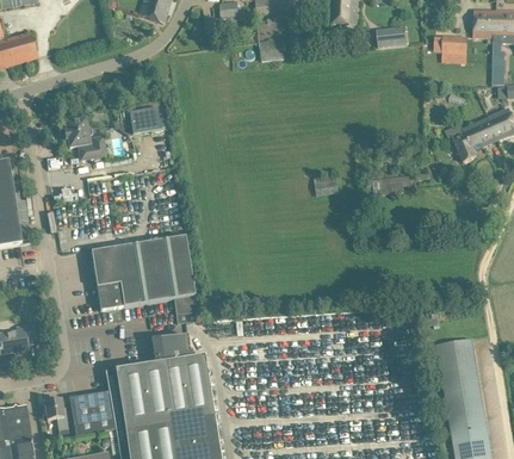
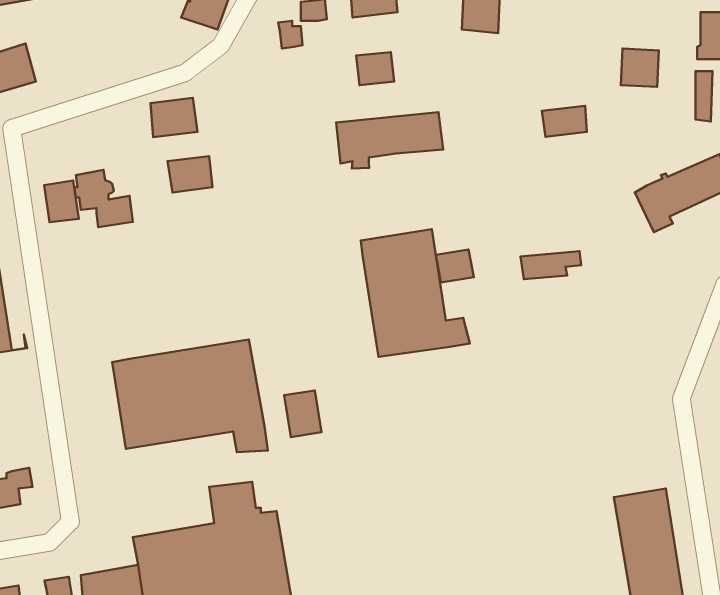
building: [473,10,496,42] -> none
building: [376,25,407,46] -> [542,106,587,137]
building: none -> [150,98,197,137]
building: none -> [336,112,443,168]
building: none -> [44,180,79,222]
building: none -> [361,229,470,357]
building: none -> [284,390,322,437]

